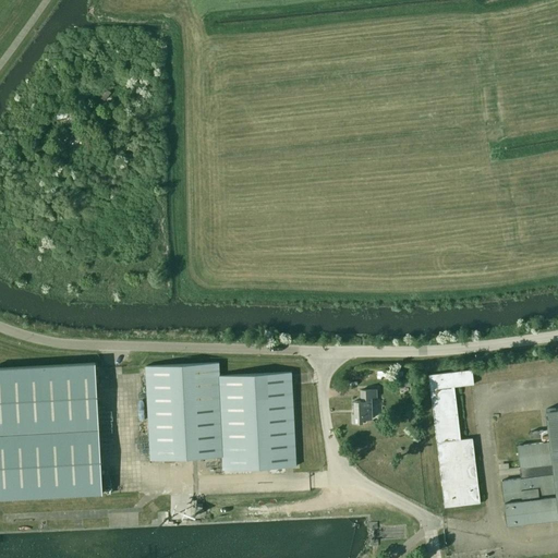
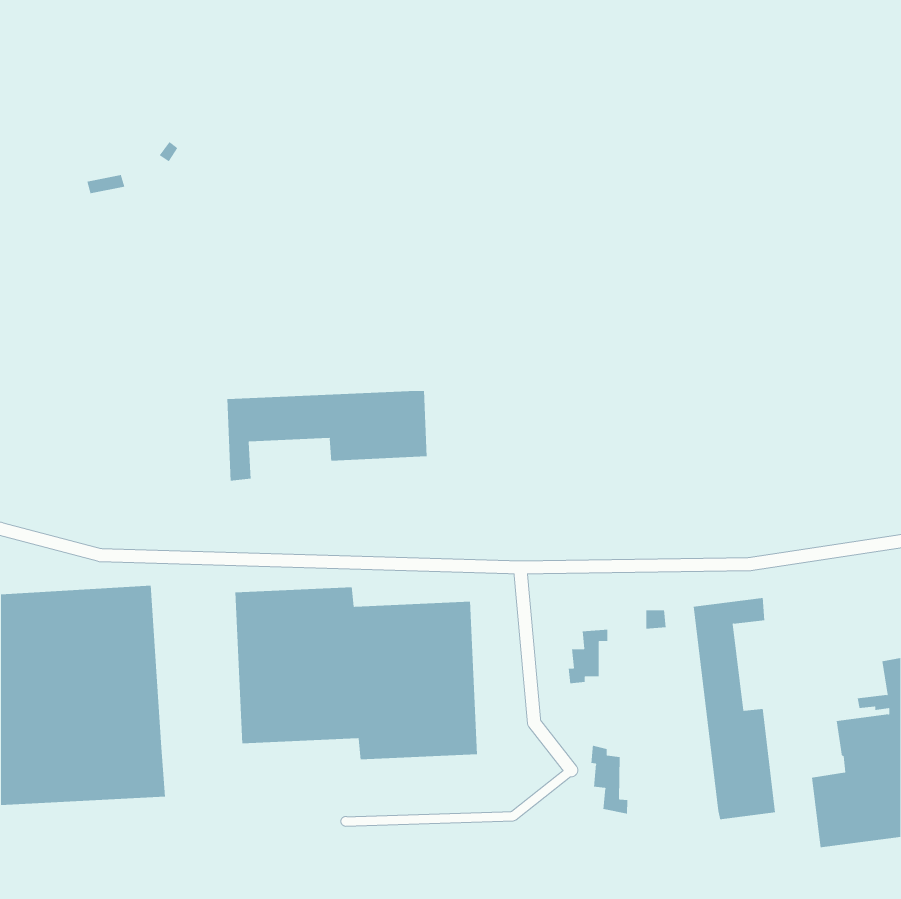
building: none -> [227,390,427,481]
building: none -> [591,745,628,814]

